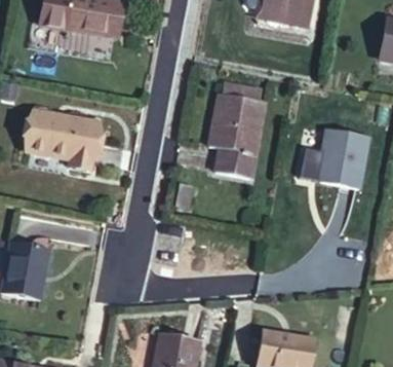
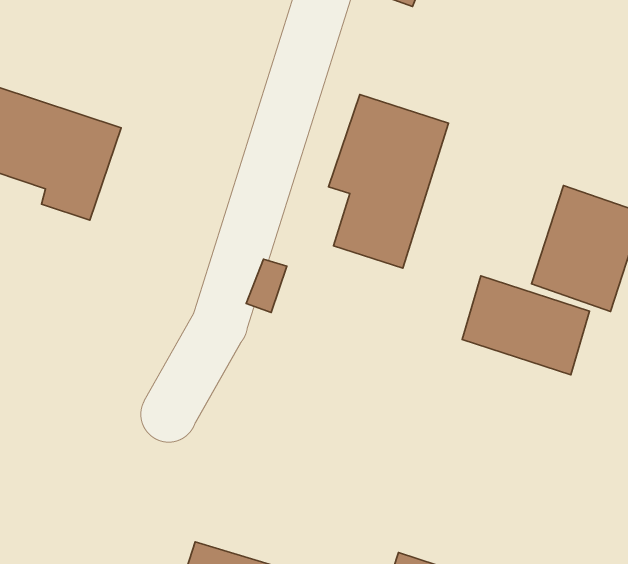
building: none -> [462,276,589,375]

